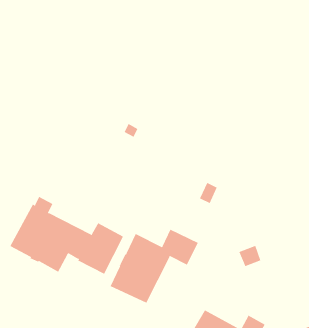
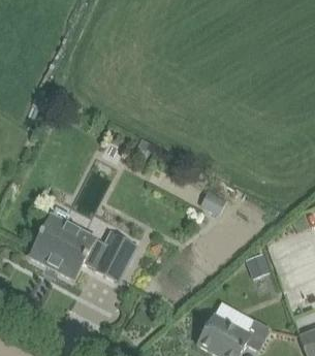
building: [110,229,198,303] -> none

